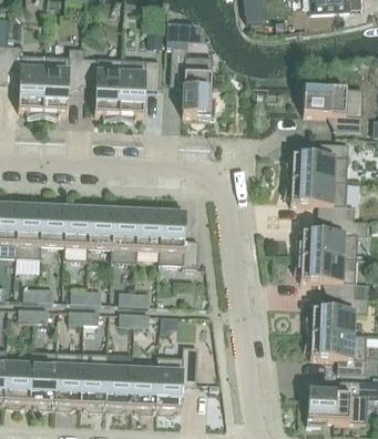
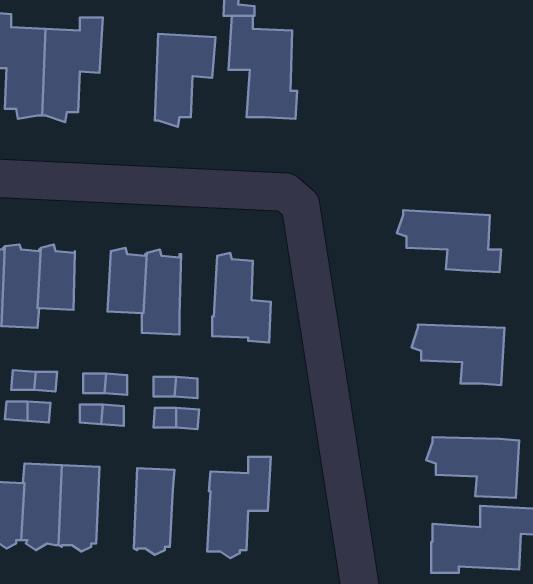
building: [82,48,122,120] -> none
building: [303,82,364,131] -> none
building: [285,142,348,182] -> none
building: [63,203,90,261] -> none
building: [136,206,162,251] -> none
building: [295,220,367,258] -> none
building: [305,296,368,334] -> none
building: [80,353,108,411] -> none
building: [130,368,157,414] -> none

